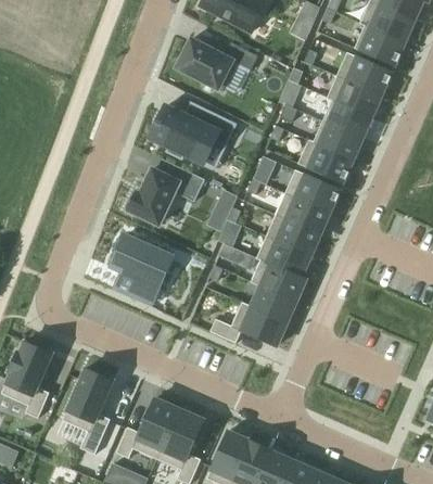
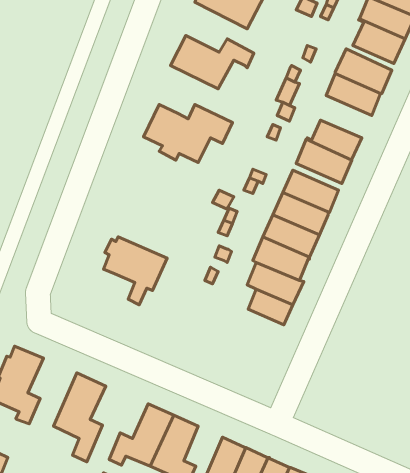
building: [322,98,372,139] -> none
building: [127,164,205,225] -> none
building: [209,302,286,346] -> none

